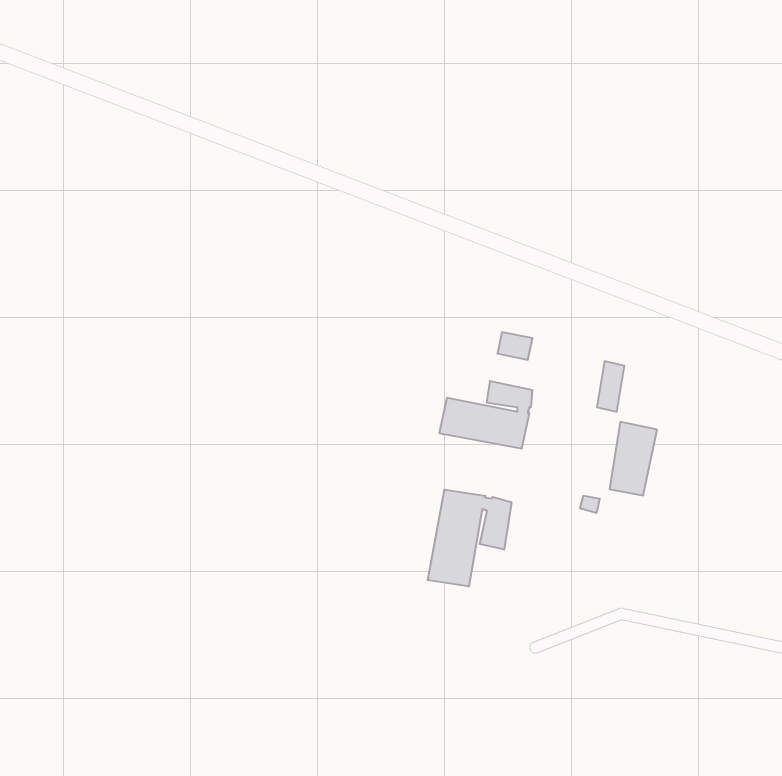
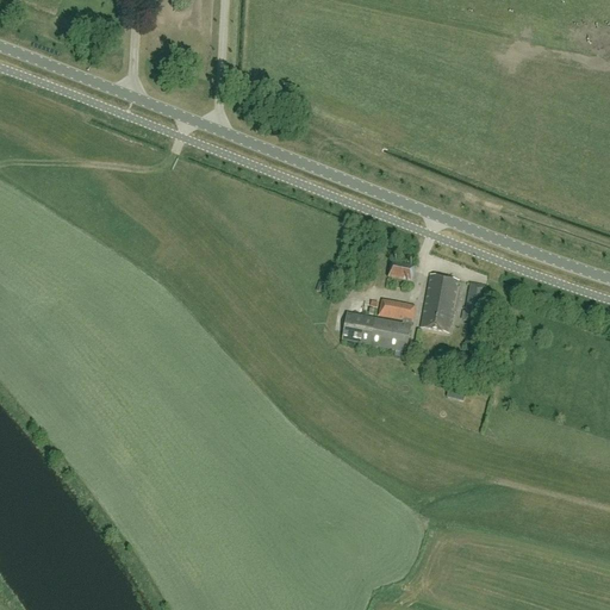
building: [610,422,657,495] -> [422,274,459,331]
building: [428,490,511,587] -> none

